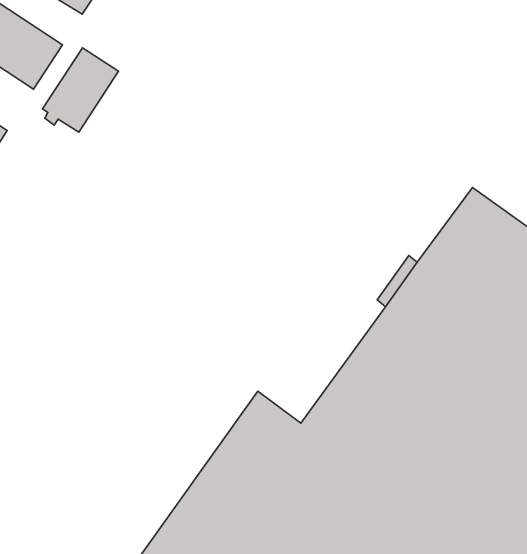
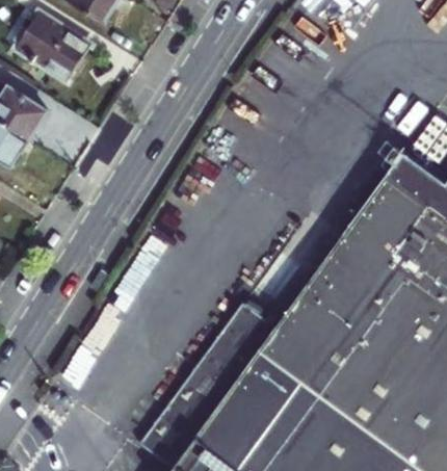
building: [43,48,119,132] -> none

